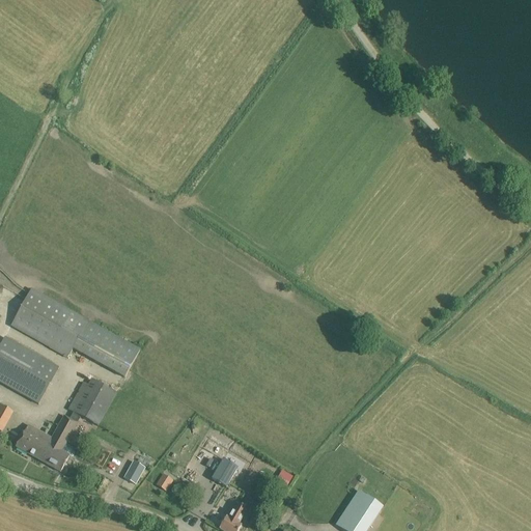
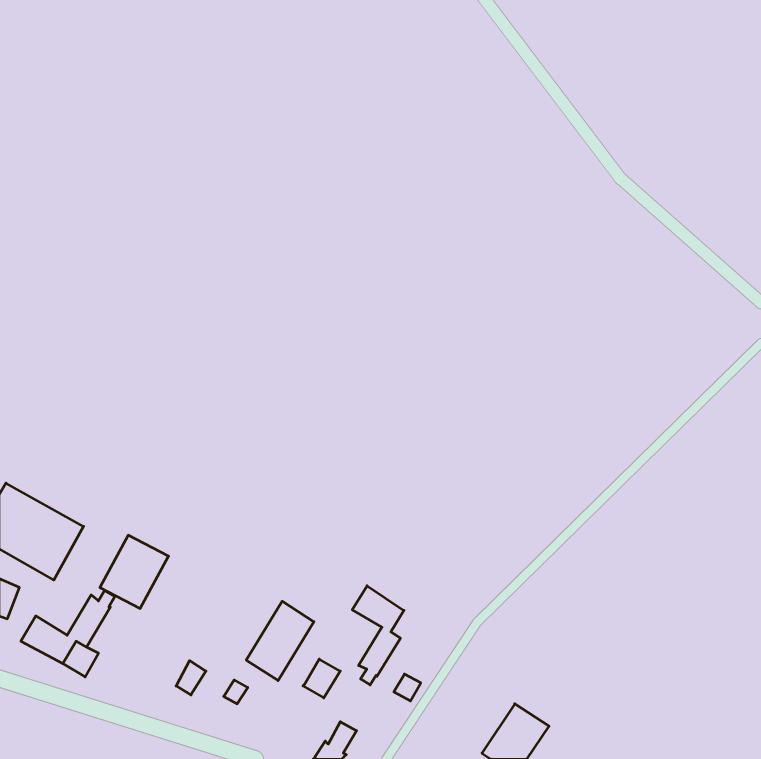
building: [10,288,139,376] -> none
building: none -> [352,586,404,685]
building: none -> [246,601,314,681]

